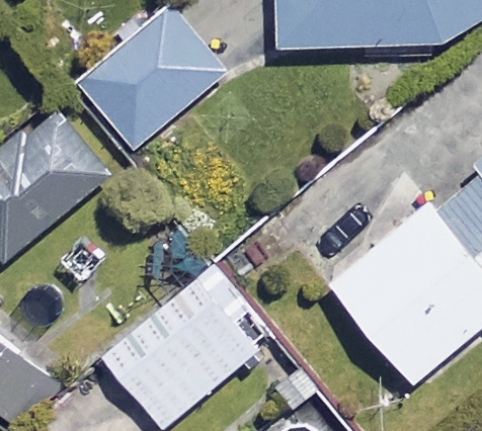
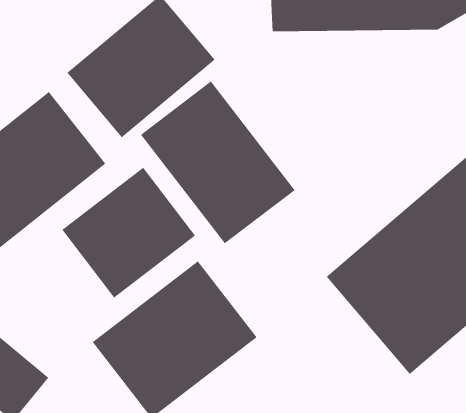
building: none -> [140,81,295,244]
building: none -> [62,167,196,298]

